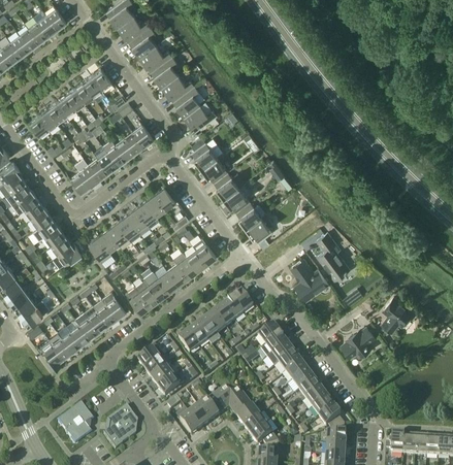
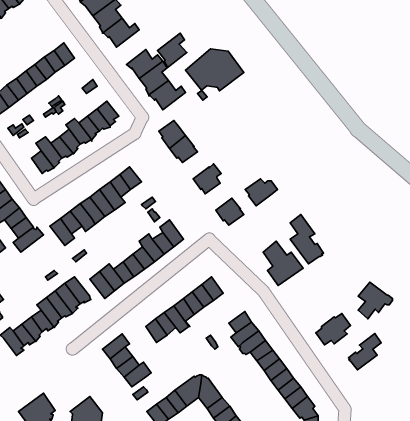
building: [151,56,179,89] -> [158,33,187,68]
building: none -> [185,49,244,91]
building: [214,172,245,198] -> none
building: [235,202,266,228] -> [245,179,278,206]
building: none -> [348,334,381,370]

